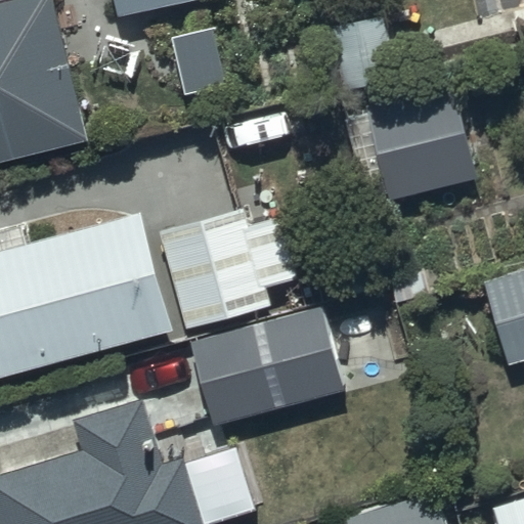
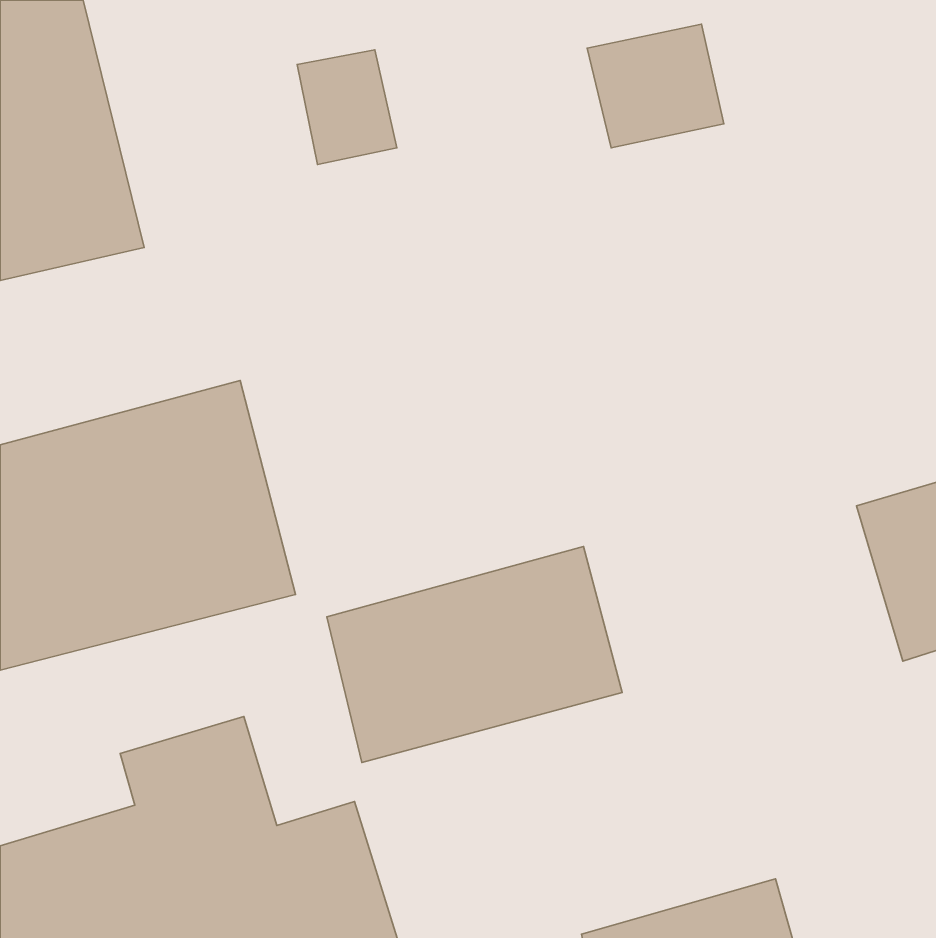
building: [359,67,477,203] -> none
building: [157,210,298,329] -> none

